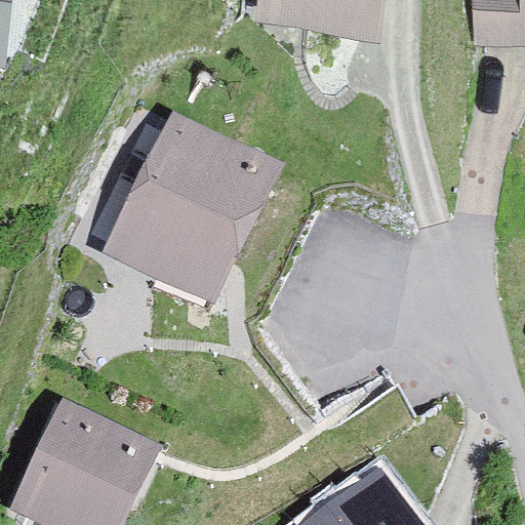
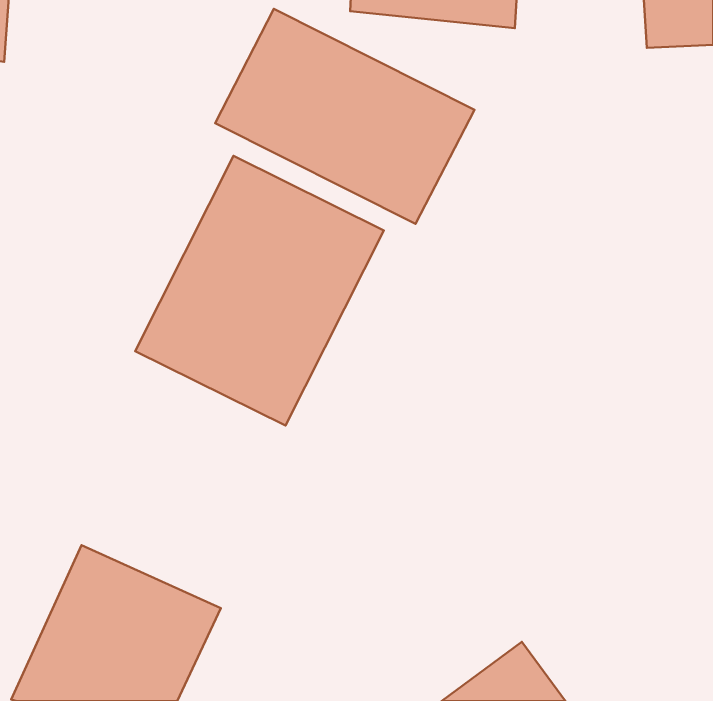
building: none -> [215,9,474,224]

